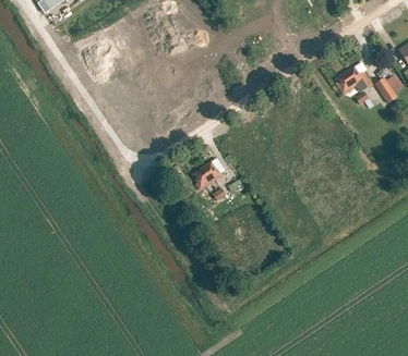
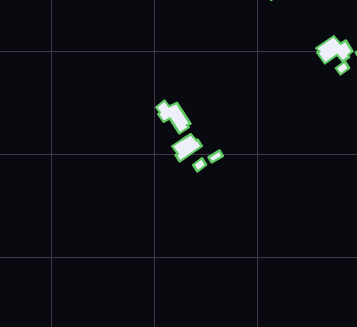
building: none -> [156,100,191,133]

